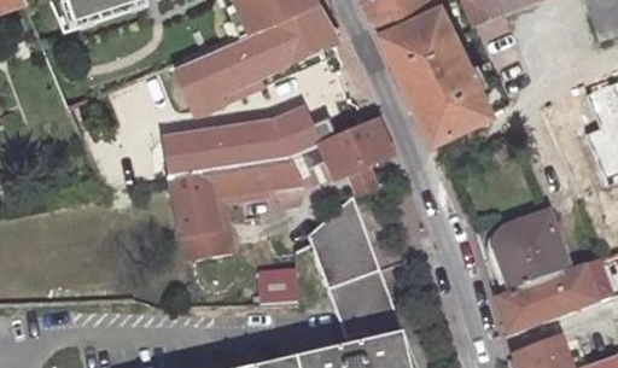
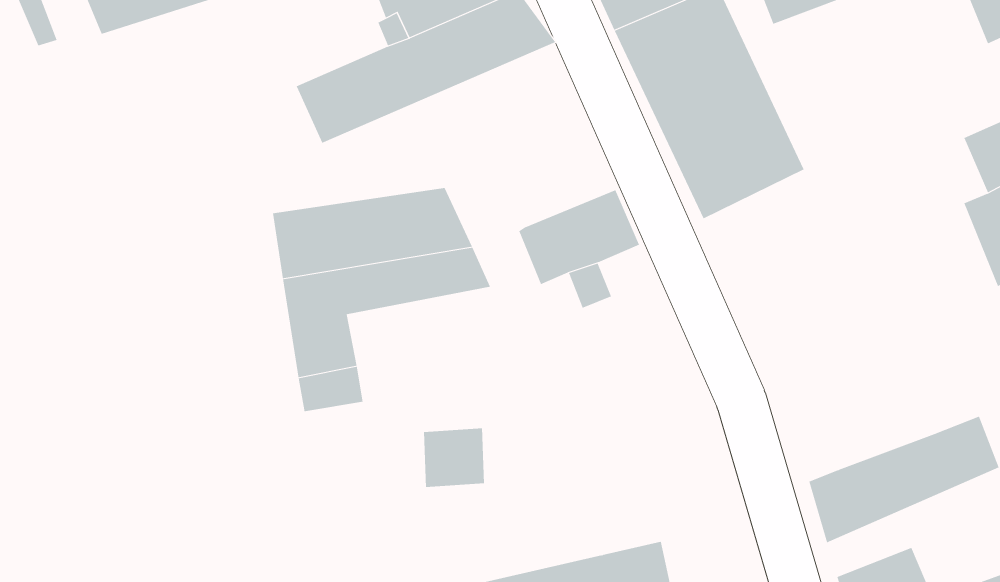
building: [273,109,321,159] -> none
building: [311,199,404,346] -> none
building: [496,217,570,294] -> none

